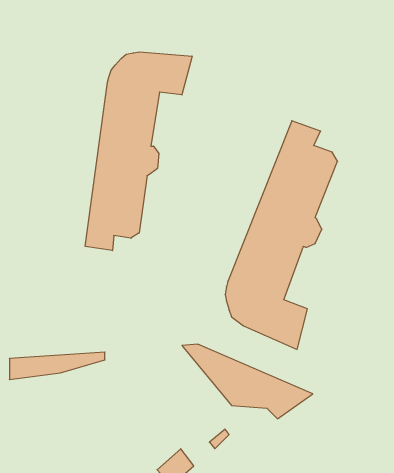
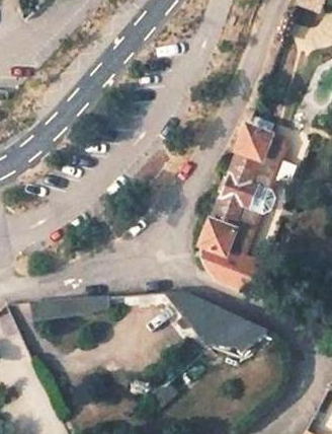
building: [85,52,192,251] -> none

